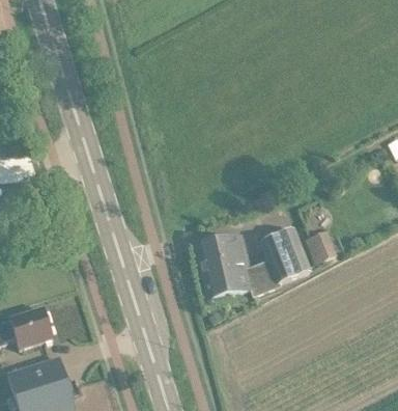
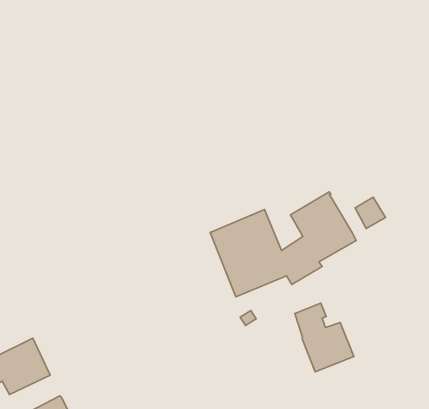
building: none -> [295,303,354,372]

